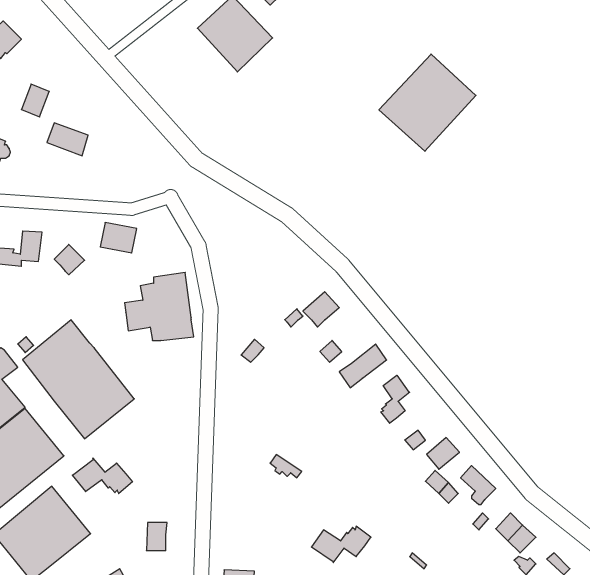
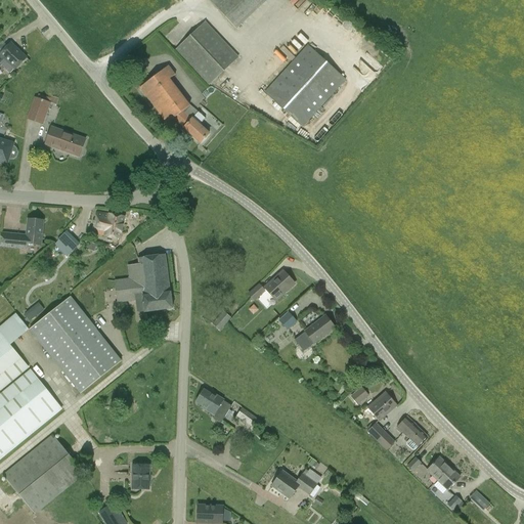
building: none -> [139,63,209,141]
building: [379,54,476,151] -> [264,43,346,125]
building: [381,375,410,423] -> none
building: none -> [195,388,231,421]
building: [72,458,132,494] -> none

